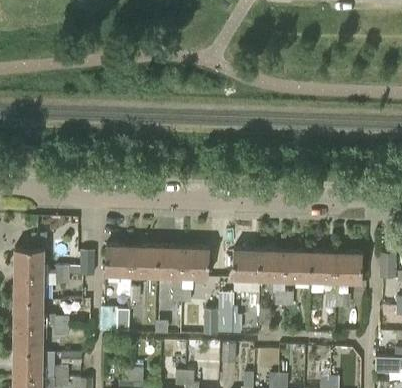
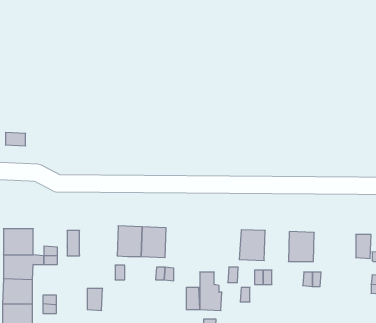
building: [105,246,133,278] -> none
building: [182,249,209,281] -> none
building: [232,250,261,282] -> none
building: [285,252,311,284] -> none
building: [336,254,361,285] -> none

